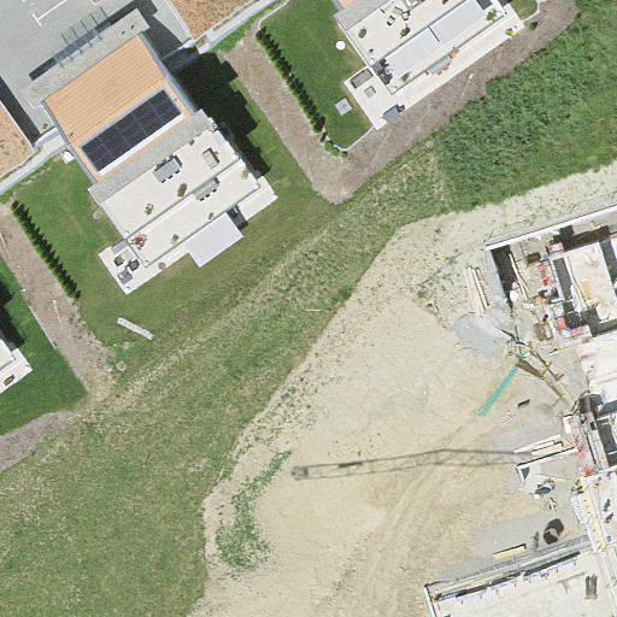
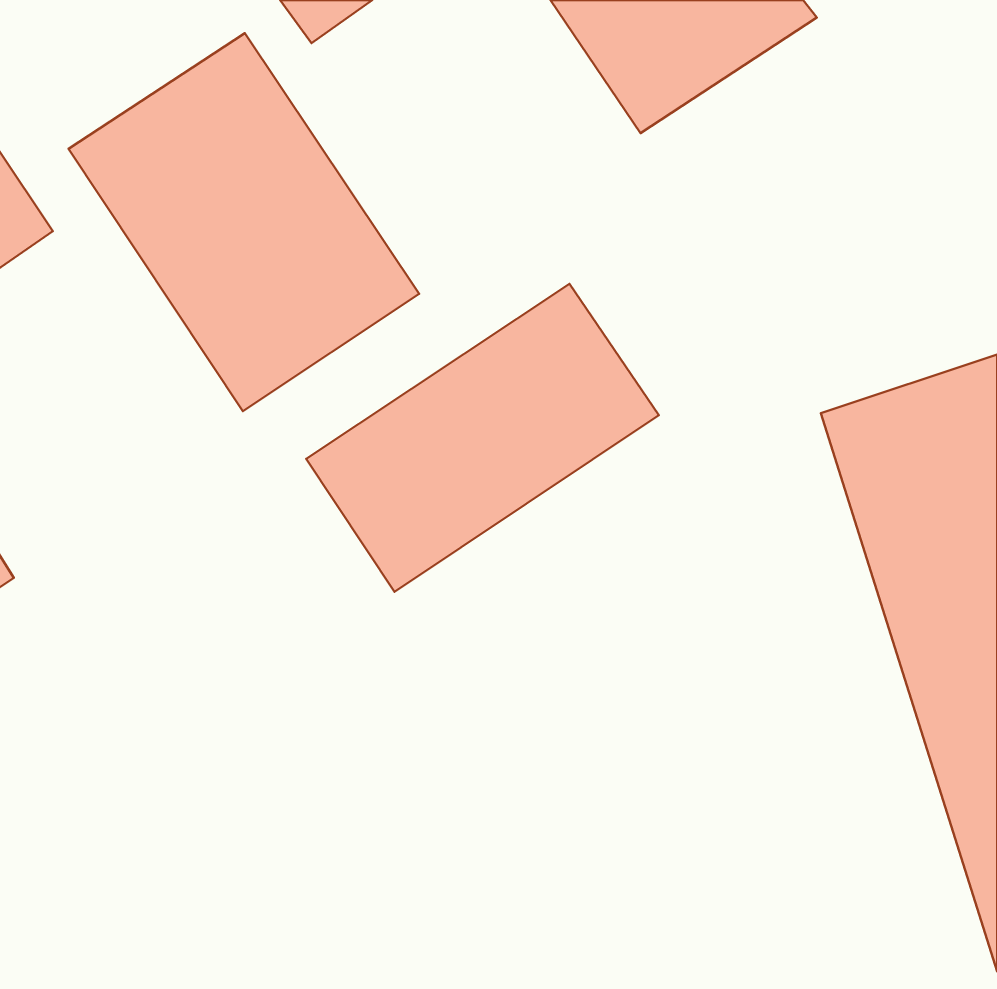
building: none -> [306,284,659,592]

